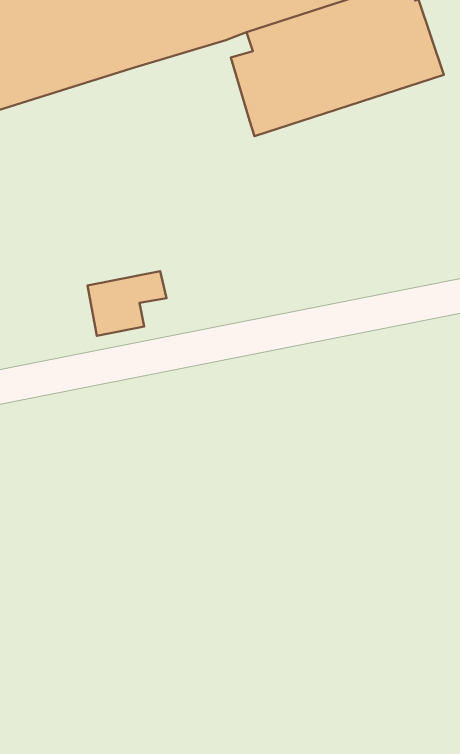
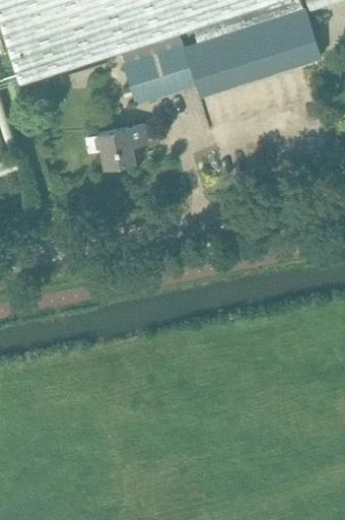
building: none -> [120,32,196,103]
building: [87,271,166,336] -> [97,124,148,166]

